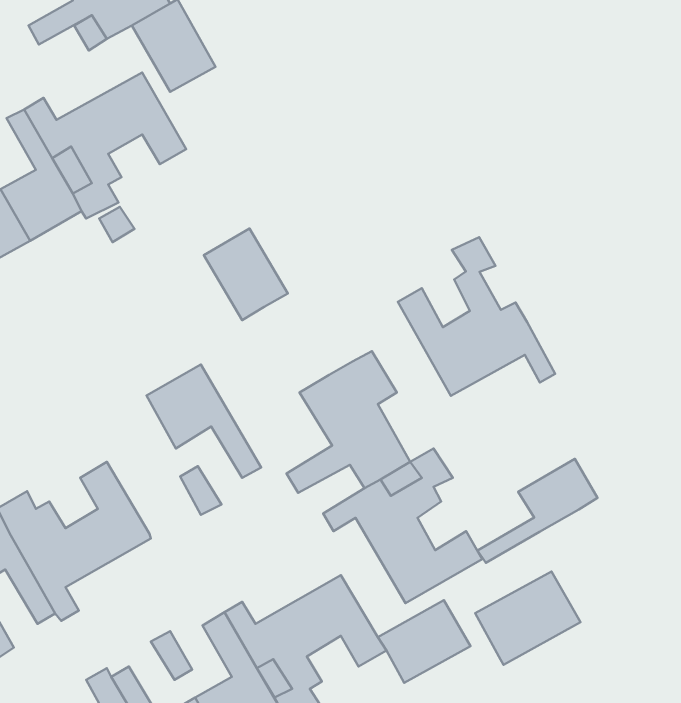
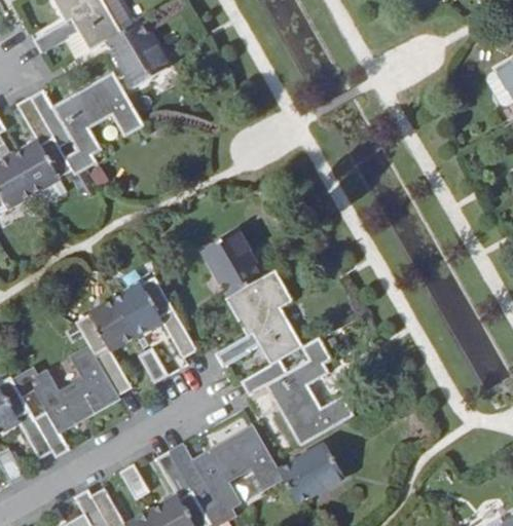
building: [204,229,288,320] -> [201,230,260,294]
building: [398,237,555,396] -> none
building: none -> [76,299,137,396]
building: [477,459,597,563] -> none
building: [475,572,580,665] -> none

